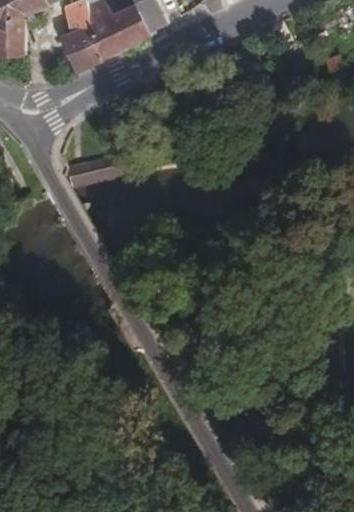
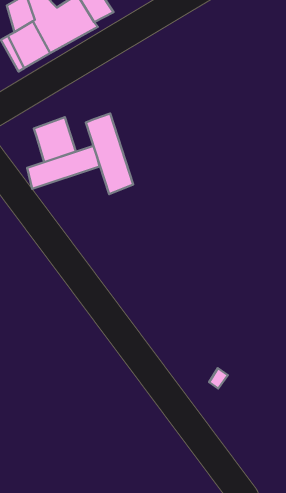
building: none -> [34,117,76,162]
building: none -> [86,114,133,194]

